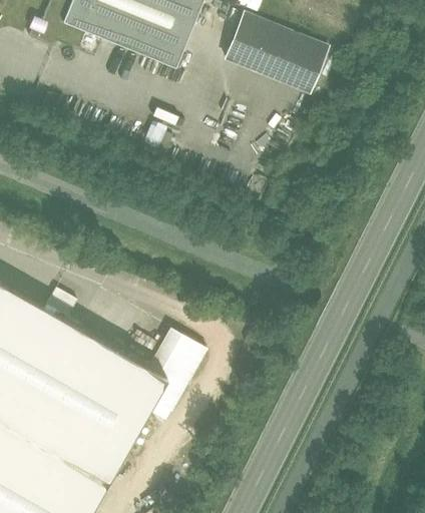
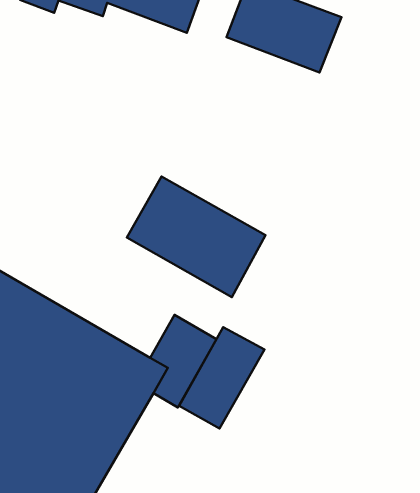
building: none -> [127,176,265,297]
building: none -> [179,327,264,429]

